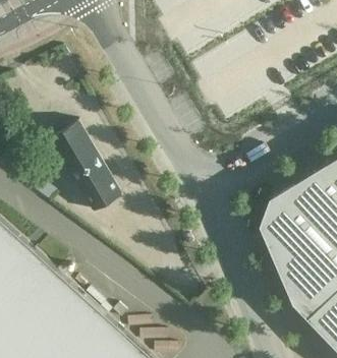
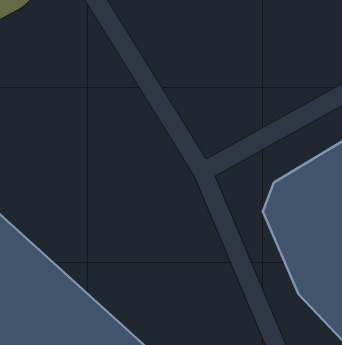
building: [50,124,123,216] -> none

